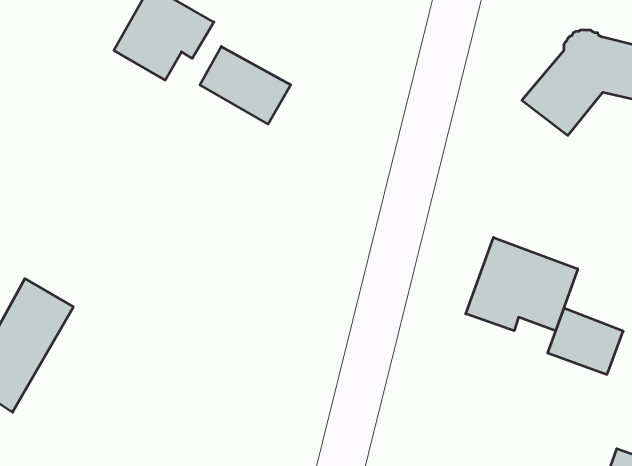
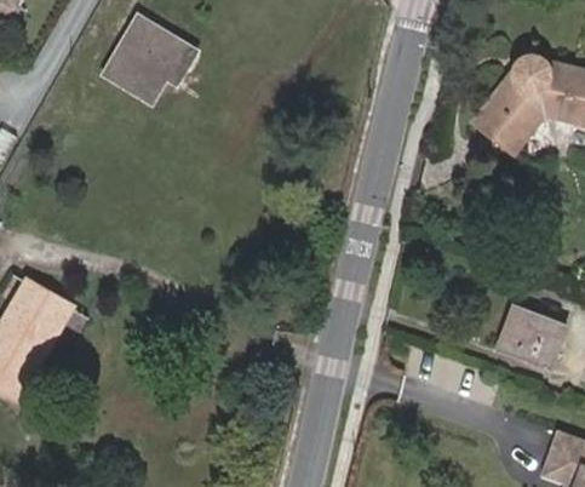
building: [200,46,291,124] -> none
building: [466,237,578,331] -> none

